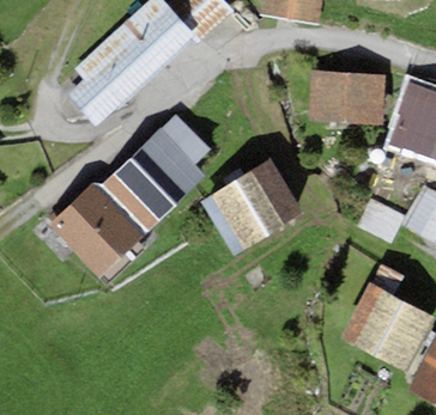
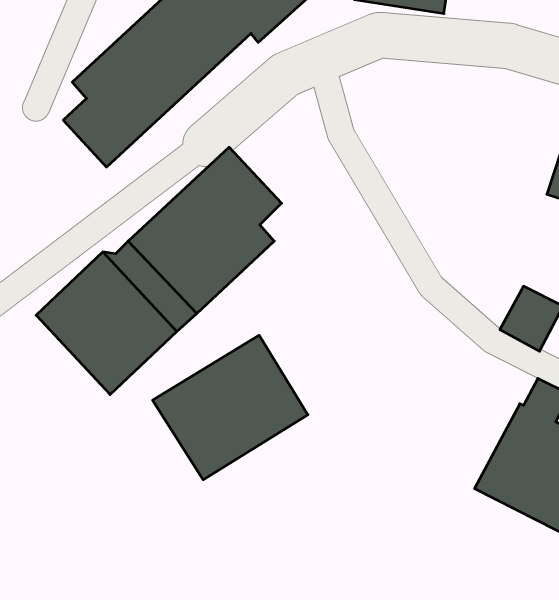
building: [308,71,386,126] -> none
building: [200,159,303,255] -> [153,335,308,480]

